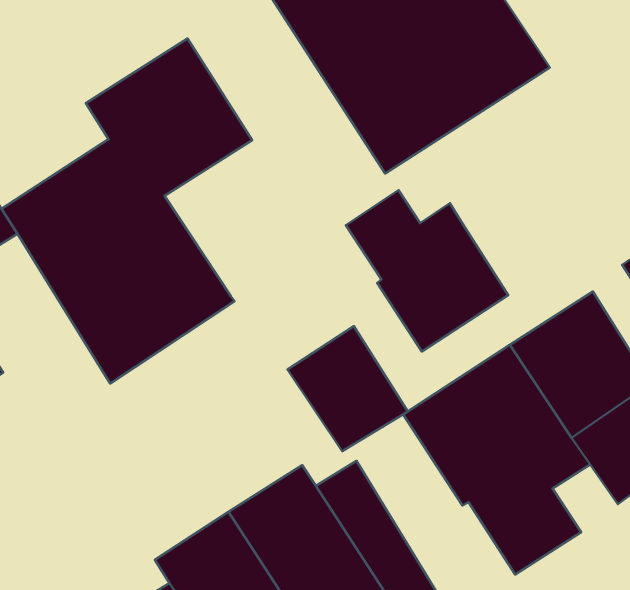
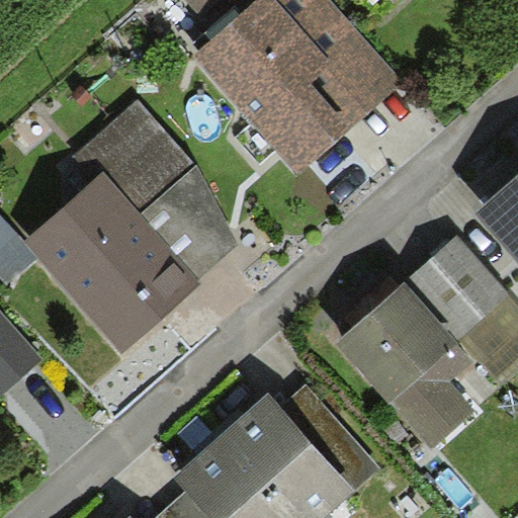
building: none -> [140,165,239,279]
building: [346,190,508,352] -> none
building: [287,326,408,451] -> none

